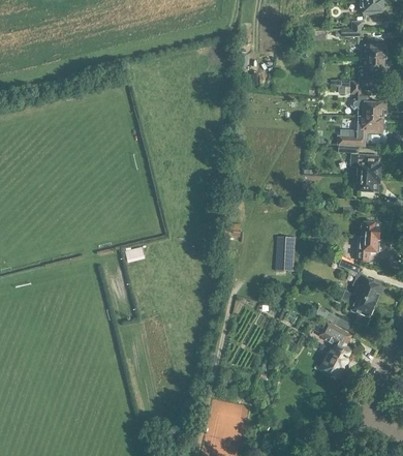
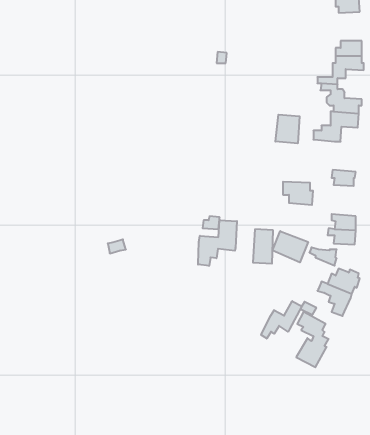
building: none -> [275,115,300,143]
building: [350,153,381,177] -> [283,182,313,205]
building: none -> [198,220,237,266]
building: none -> [272,231,308,262]
building: none -> [261,301,302,339]

